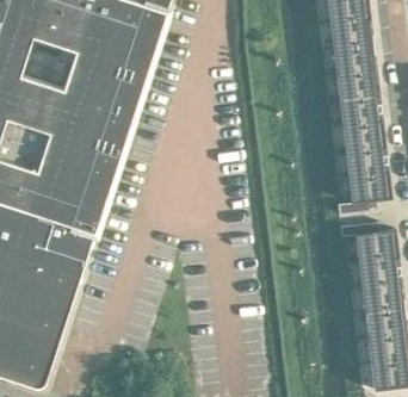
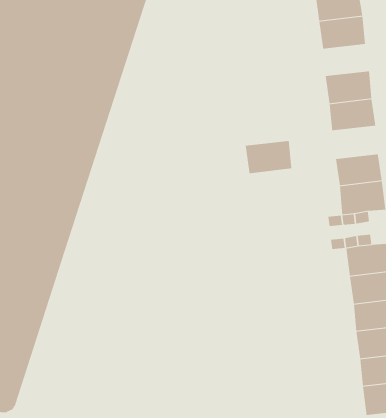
building: [333,44,377,74] -> none
building: [341,120,385,151] -> [245,141,292,174]

